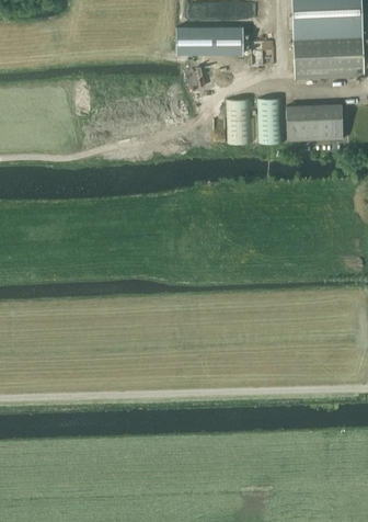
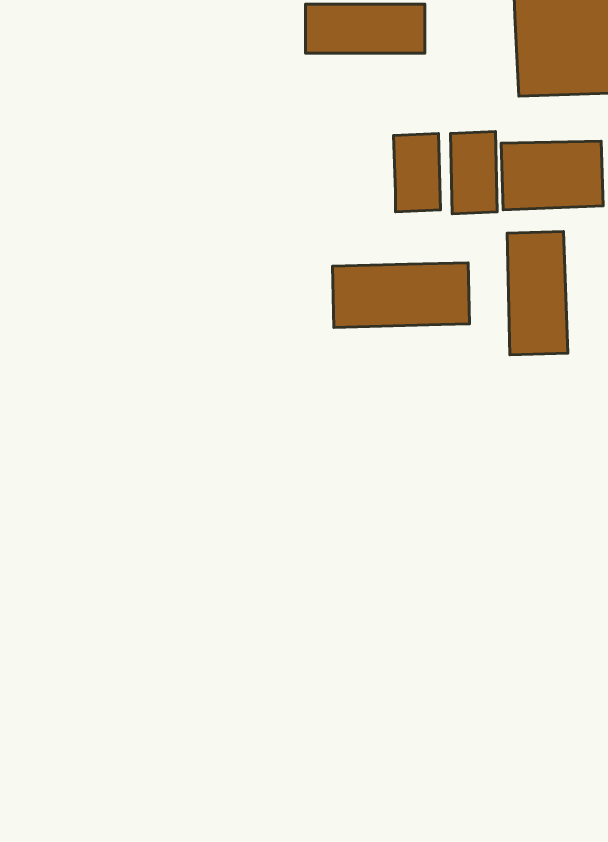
building: none -> [507,232,568,355]
building: none -> [332,263,470,327]

